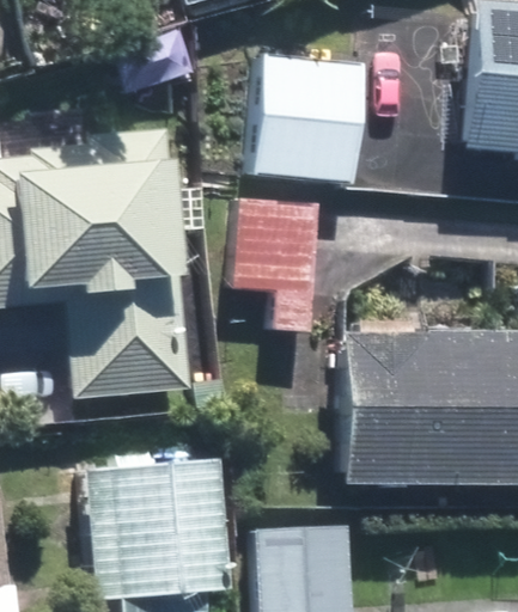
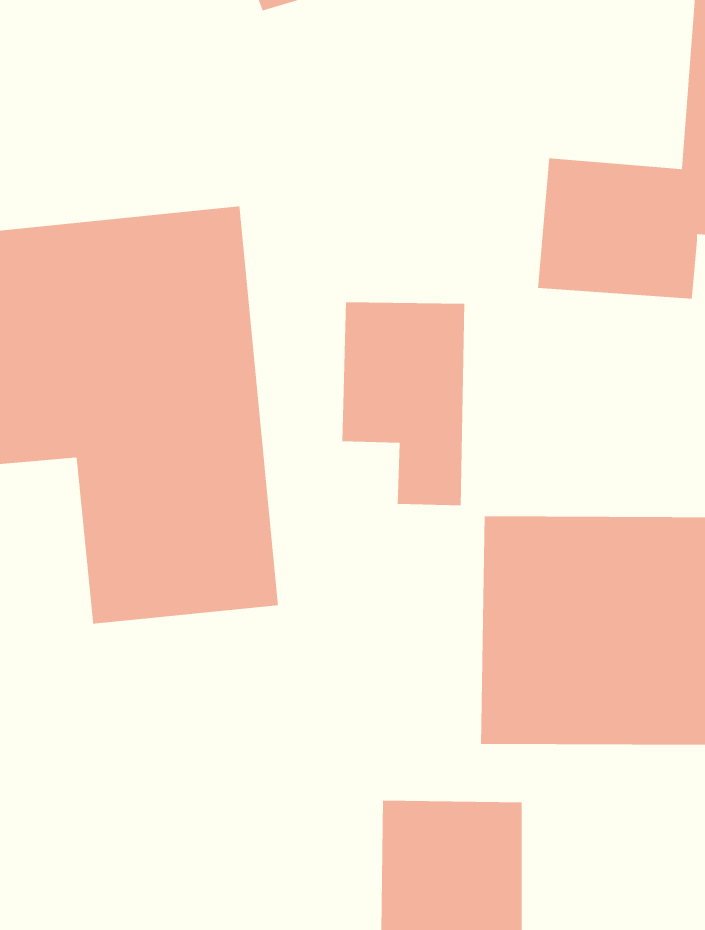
building: [248,57,360,180] -> none
building: [79,461,215,596] -> none

